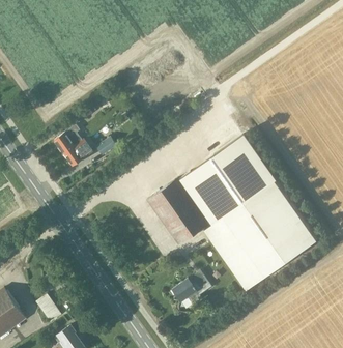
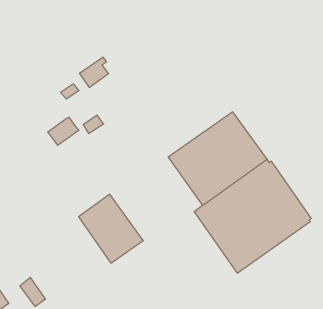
building: [54,125,82,154] -> [80,57,109,87]
building: [147,179,209,245] -> [79,194,143,263]
building: [172,274,211,301] -> none

